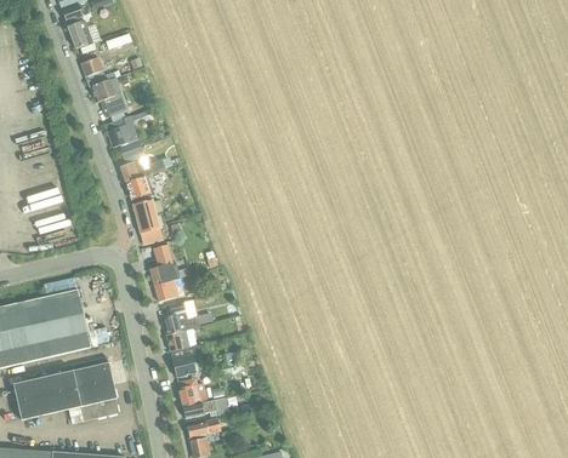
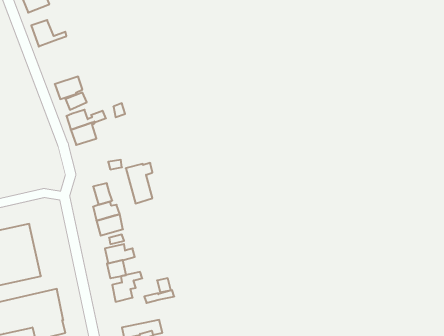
building: [89,79,126,116] -> none
building: [131,199,161,245] -> [126,163,152,203]
building: [177,378,206,406] -> none

